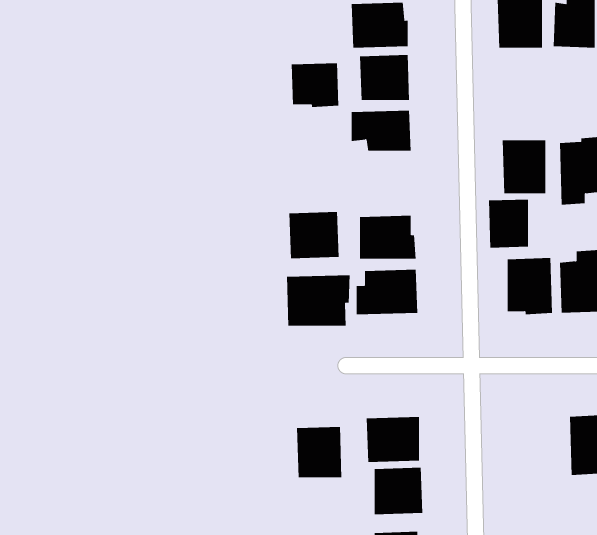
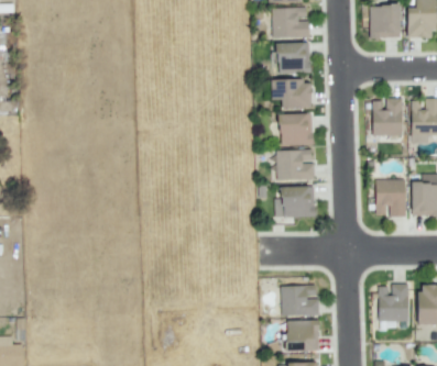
building: [291,63,339,108] -> none
building: [489,199,529,248] -> none
building: [289,211,339,259] -> [278,114,313,146]
building: [286,274,350,327] -> none
building: none -> [378,285,408,322]
building: [297,426,342,478] -> none

